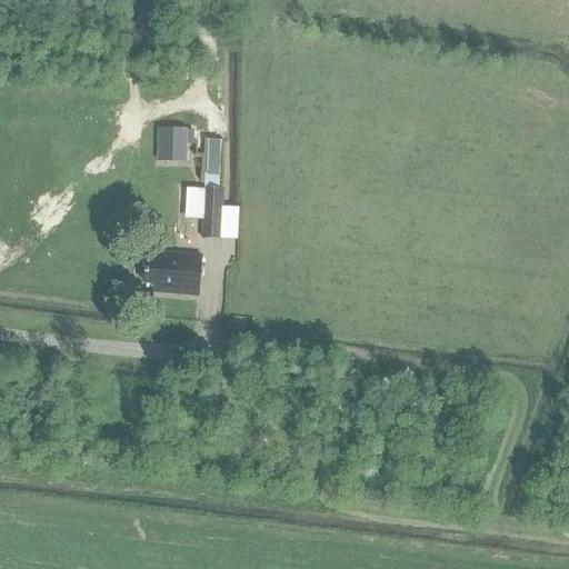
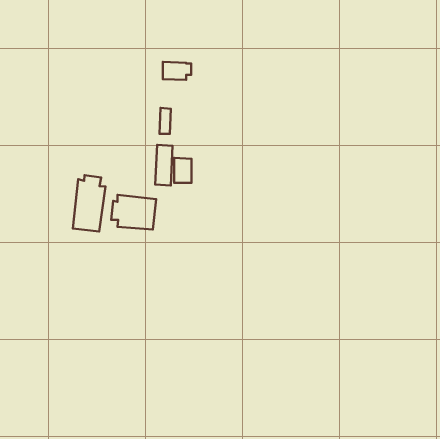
building: [156,127,192,150] -> [163,62,191,80]
building: none -> [73,175,105,231]

